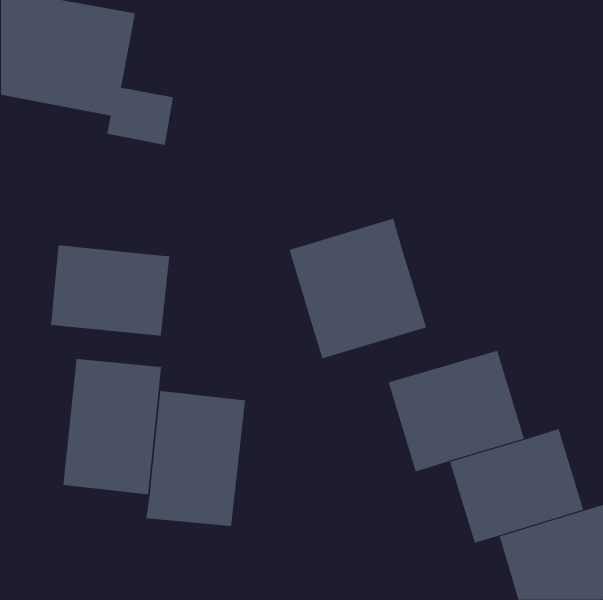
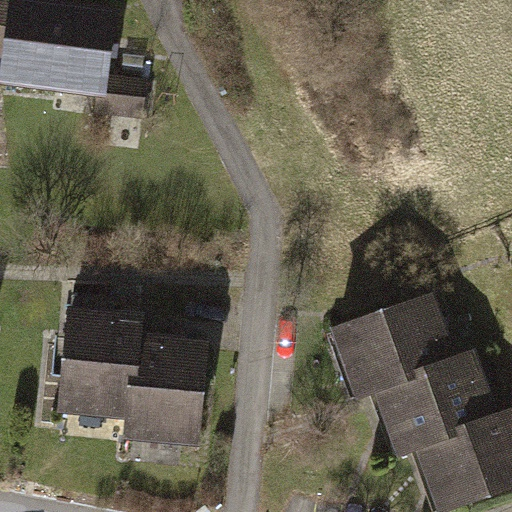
building: [289,218,427,359] -> none
building: [50,244,170,337] -> none

